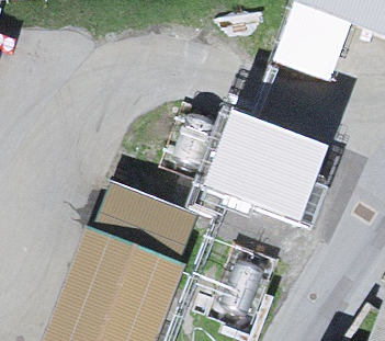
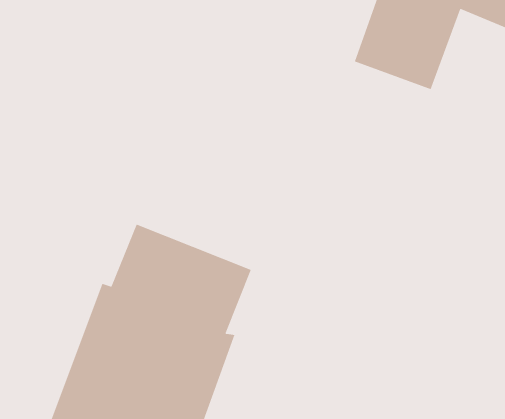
building: [202,107,329,225] -> none

